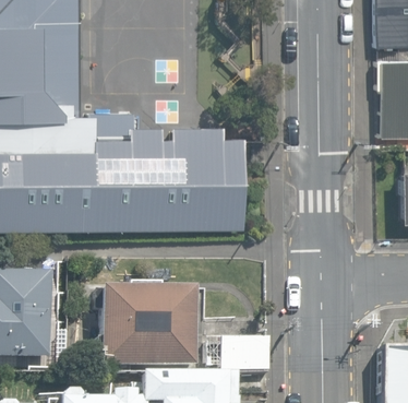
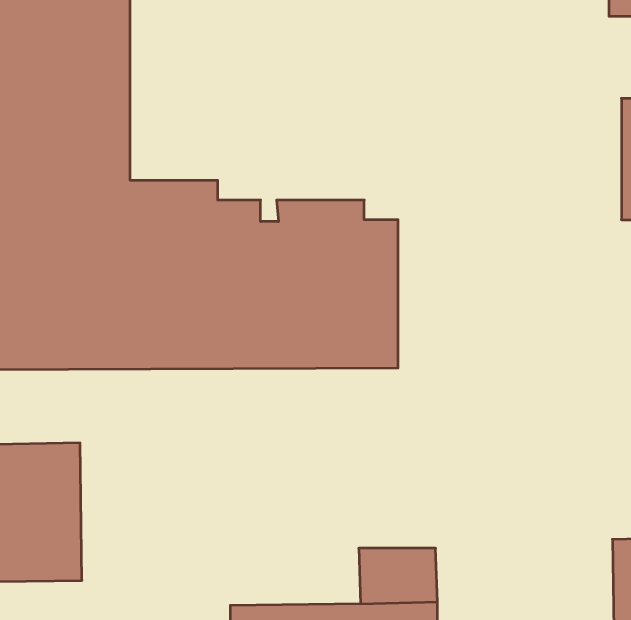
building: [94,291,195,369] -> none

